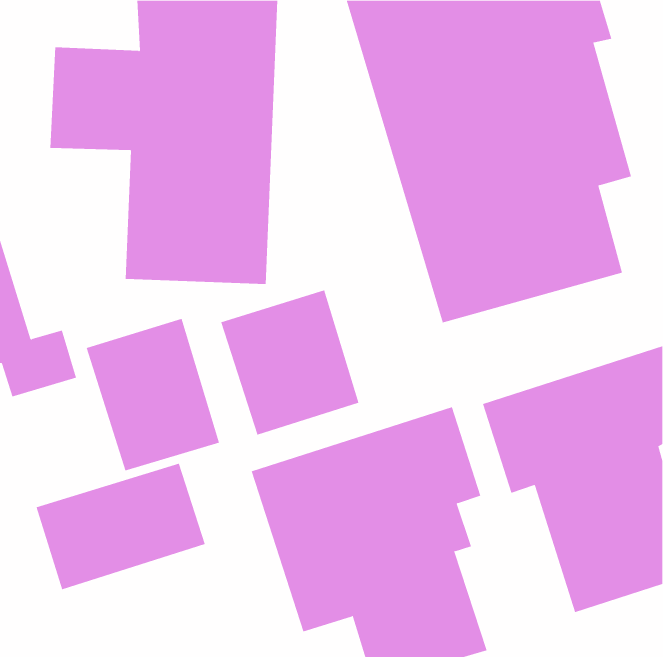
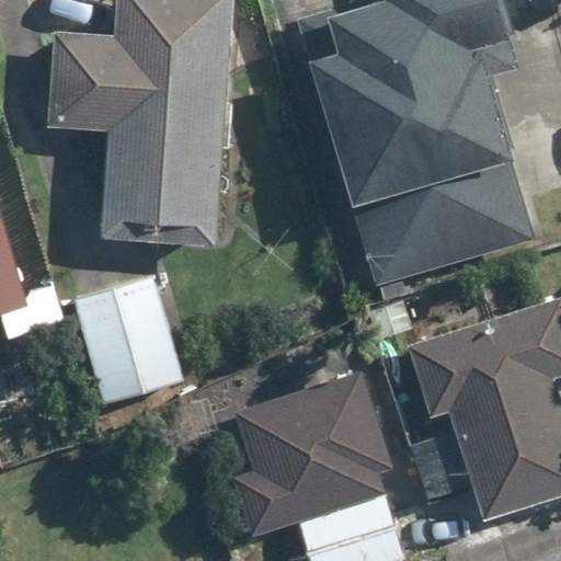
building: [220,289,359,436] -> none
building: [36,463,206,590] -> none

